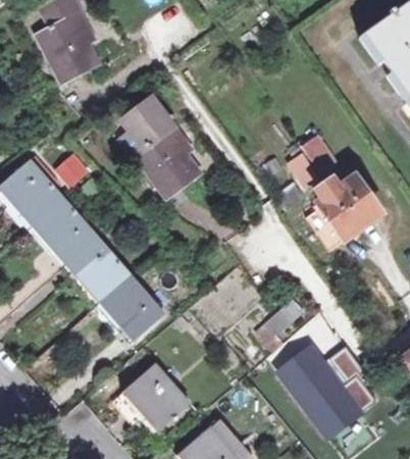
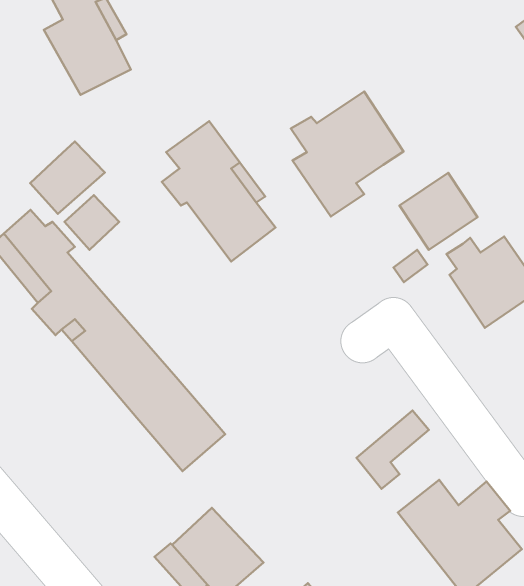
building: none -> [291,92,404,216]
building: none -> [30,142,105,214]

